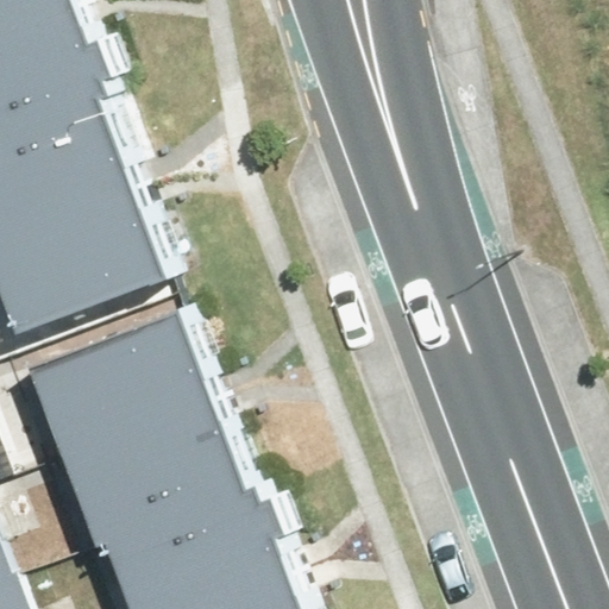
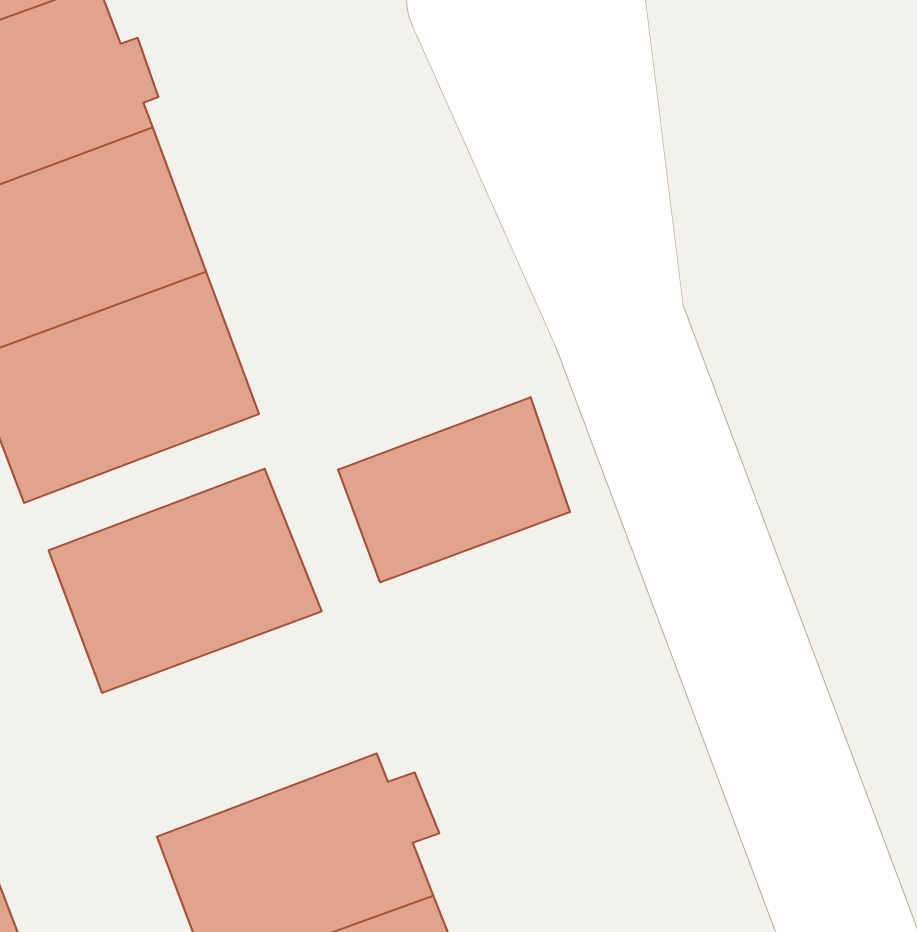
building: none -> [338,397,570,582]
building: [74,401,246,542] -> none

